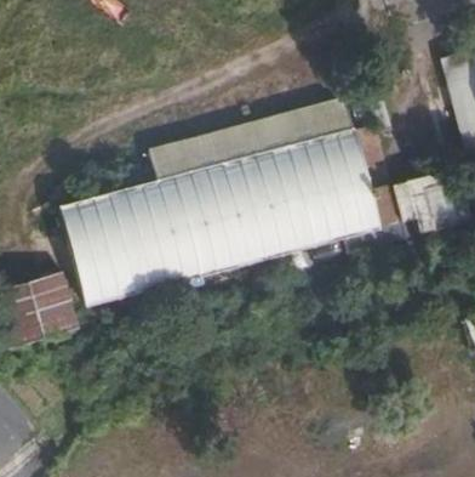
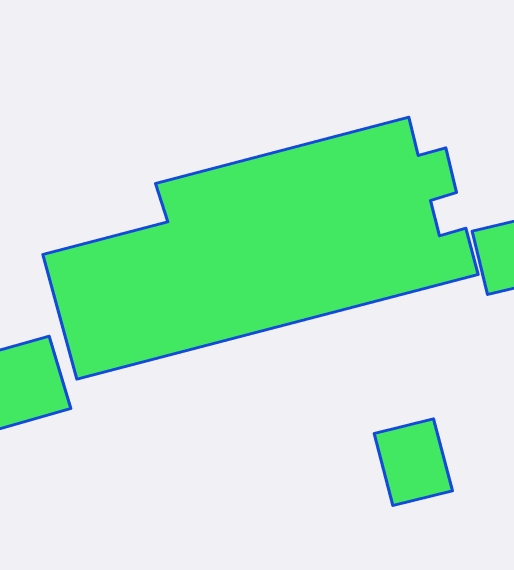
building: none -> [374,419,452,506]

